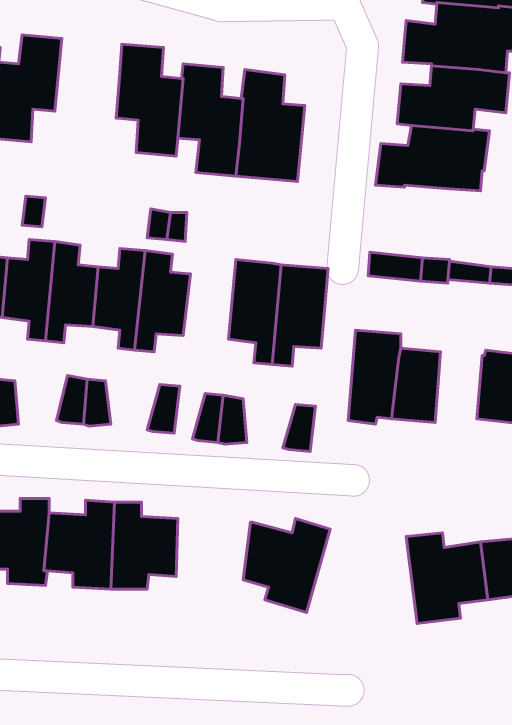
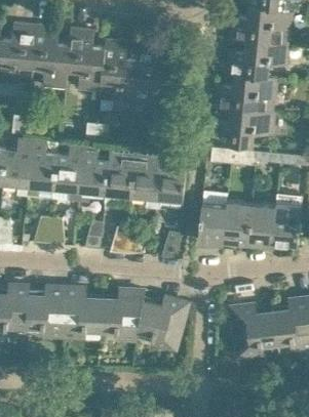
building: none -> [32,25,69,88]
building: none -> [210,108,273,147]
building: none -> [104,148,134,205]
building: none -> [247,202,274,244]
building: none -> [101,289,145,339]

